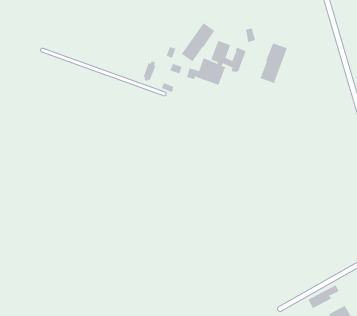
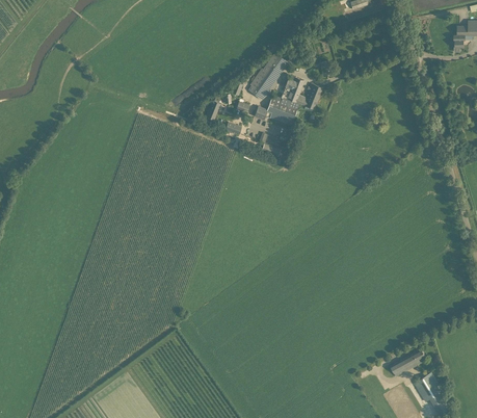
building: [260,42,288,84] -> none

